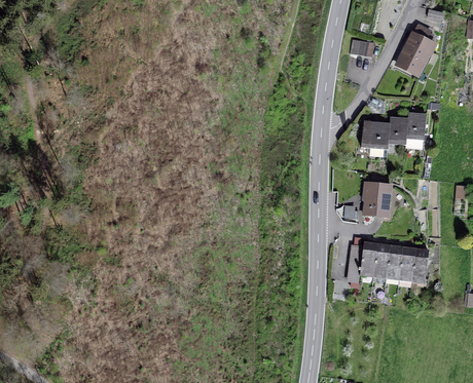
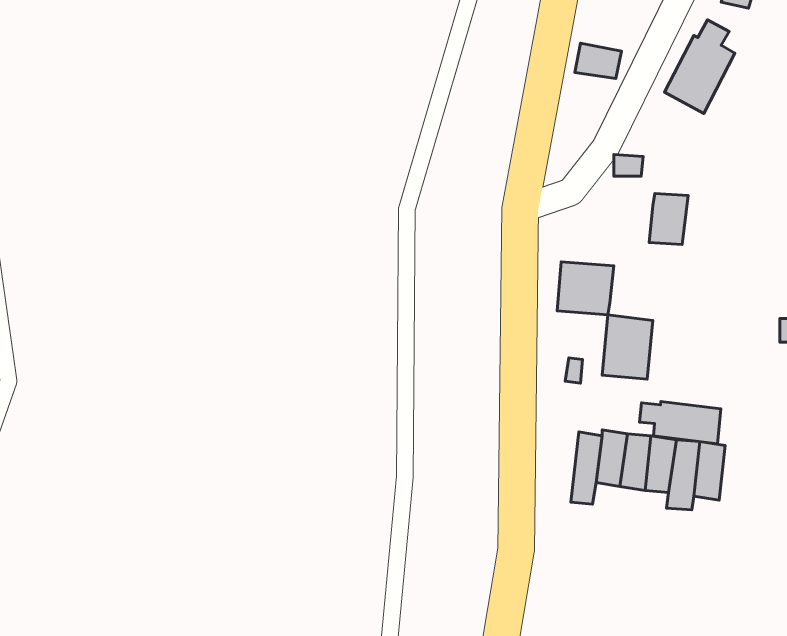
building: [406,113,427,148] -> none
building: [361,121,391,149] -> [557,262,614,315]
building: none -> [640,401,721,444]

